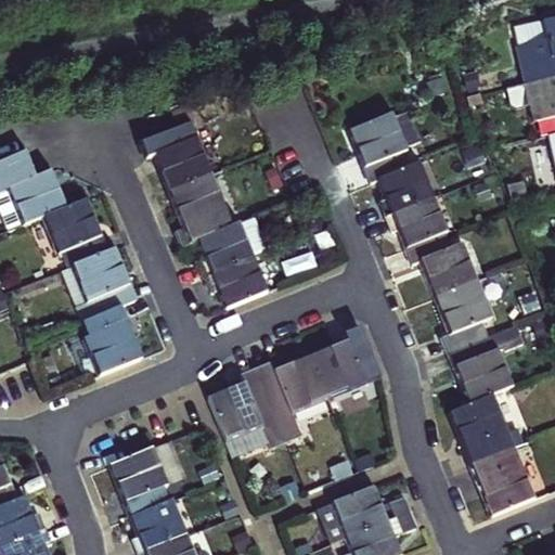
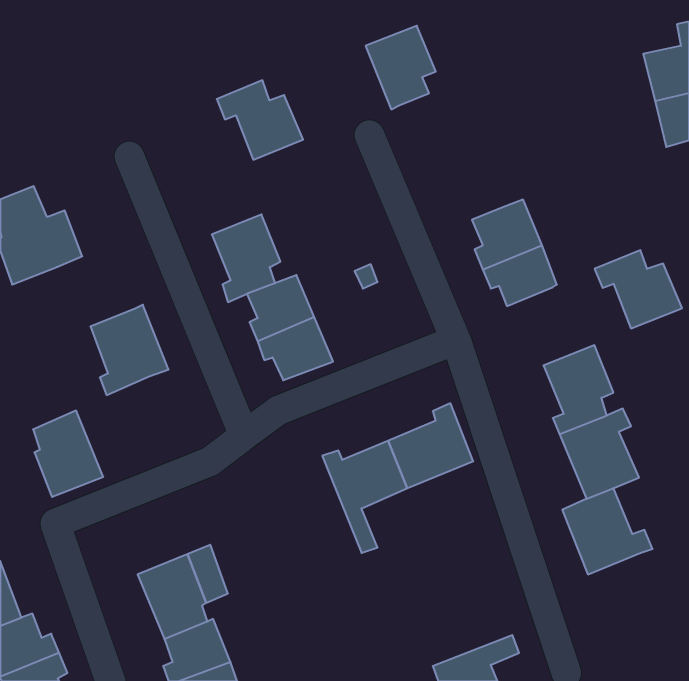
building: [352,113,409,180] -> [366,26,436,109]
building: [141,125,210,189] -> [217,80,303,160]
building: [46,197,108,264] -> none
building: [408,231,478,294] -> [595,250,682,328]
building: [86,302,142,372] -> [33,411,103,497]
building: [209,366,291,451] -> none
building: [473,444,535,514] -> none
building: [320,485,412,541] -> none

